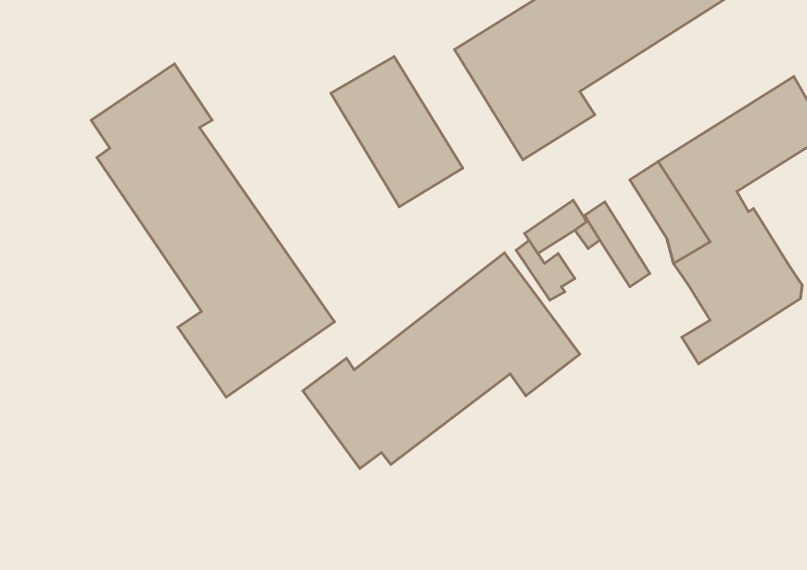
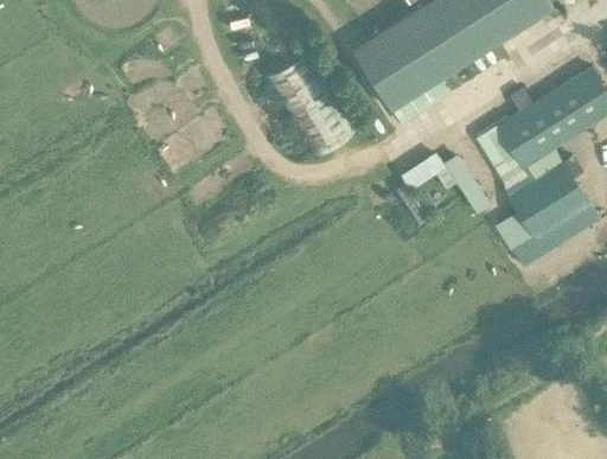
building: [91,64,334,397] -> none
building: [303,253,580,469] -> none
building: none -> [497,213,533,251]

